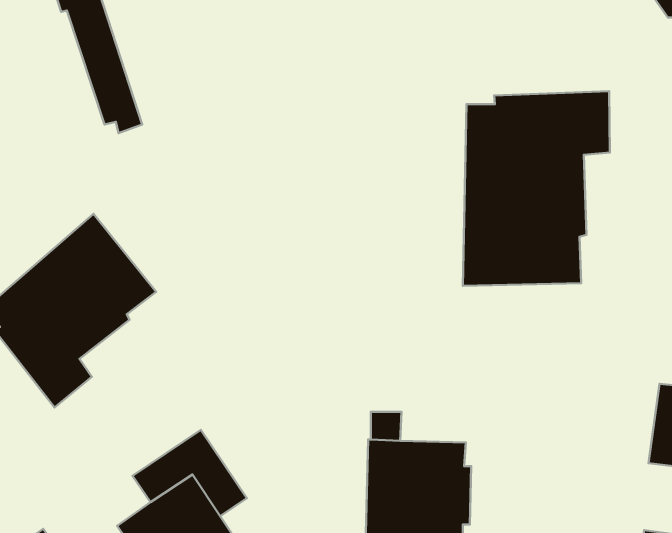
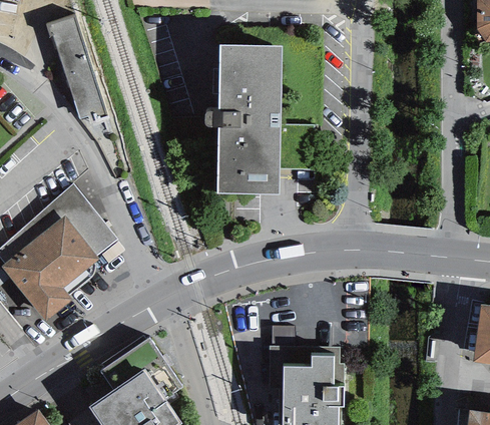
building: none -> [205,45,282,194]
building: [463,91,610,286] -> none

